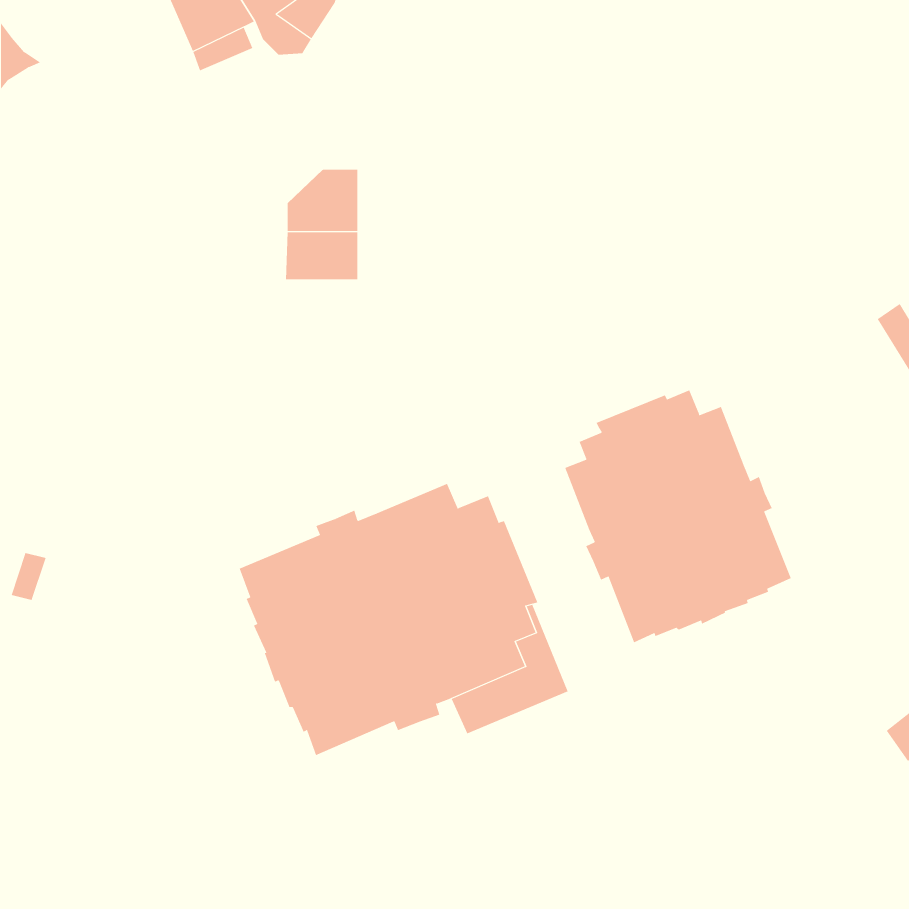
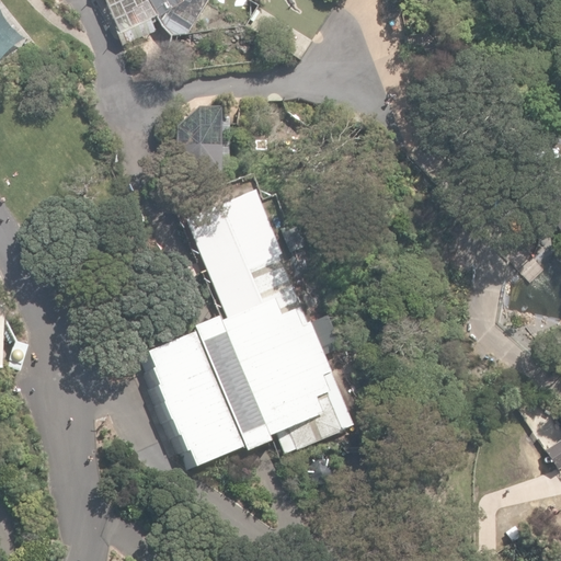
building: none -> [191,191,301,316]
building: [565,389,791,643] -> none

